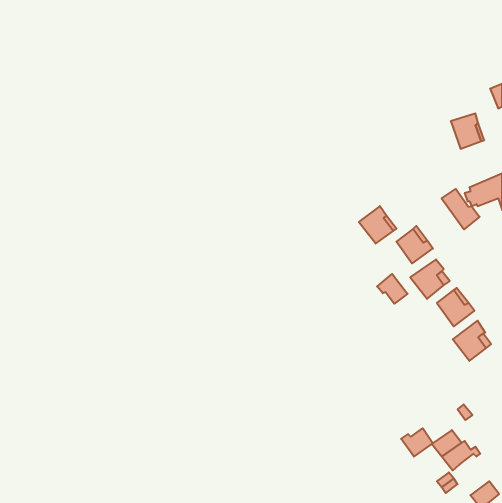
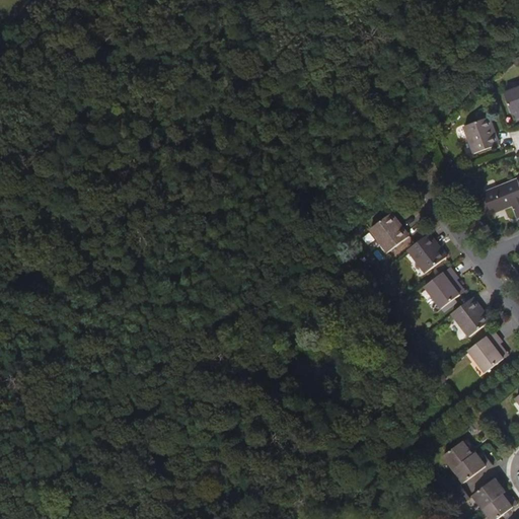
building: [442,189,480,229] -> none
building: [377,274,408,304] -> none
building: [401,428,433,457] -> none
building: none -> [473,480,506,510]

